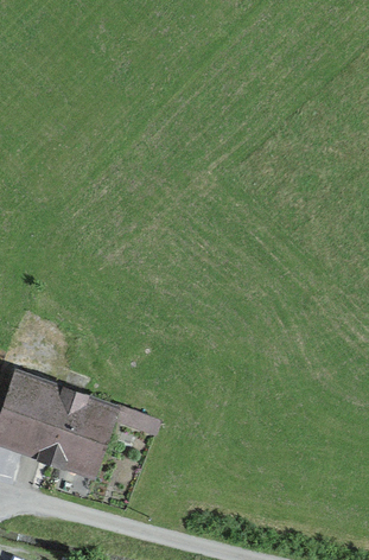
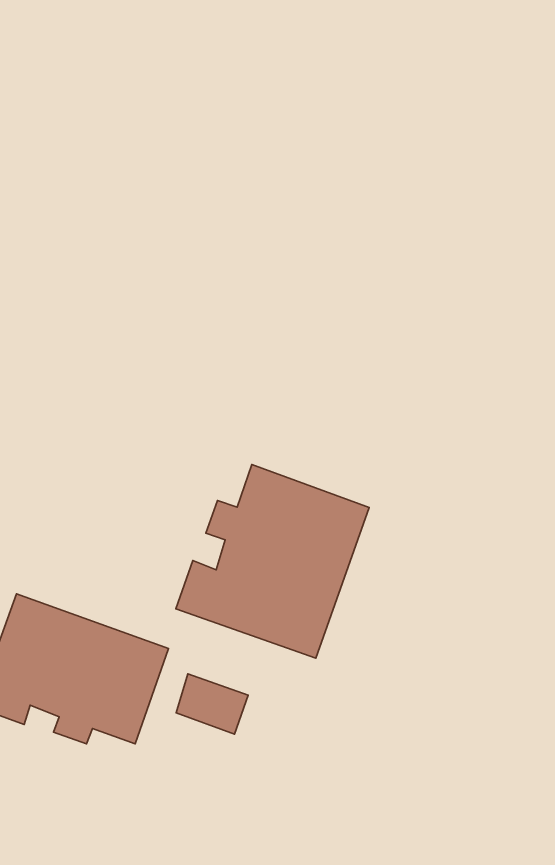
building: none -> [176,465,369,658]

